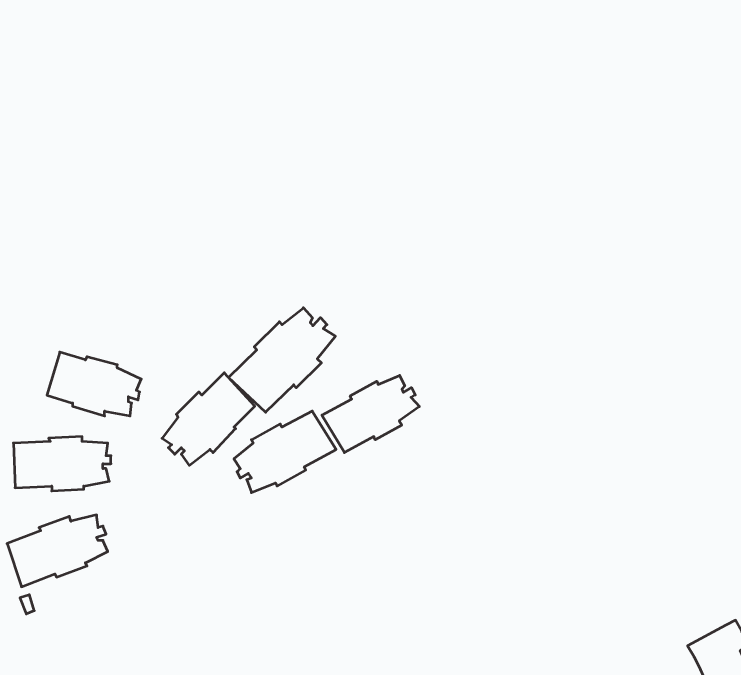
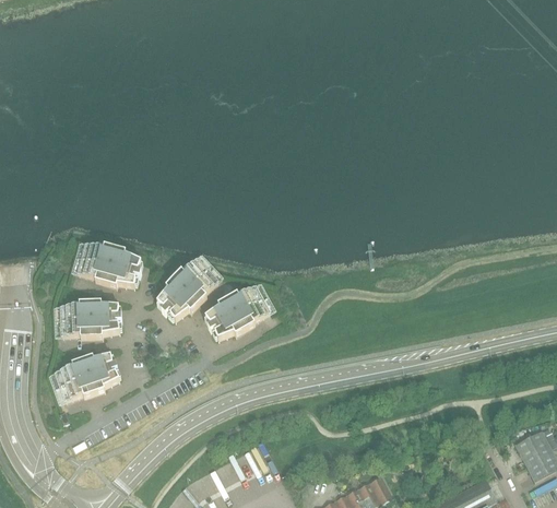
building: [229,308,335,412] -> none
building: [322,375,419,453] -> none

